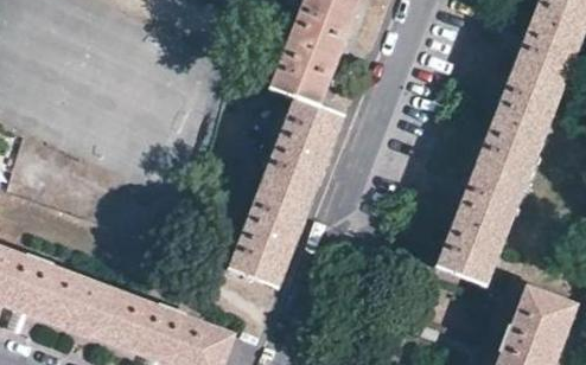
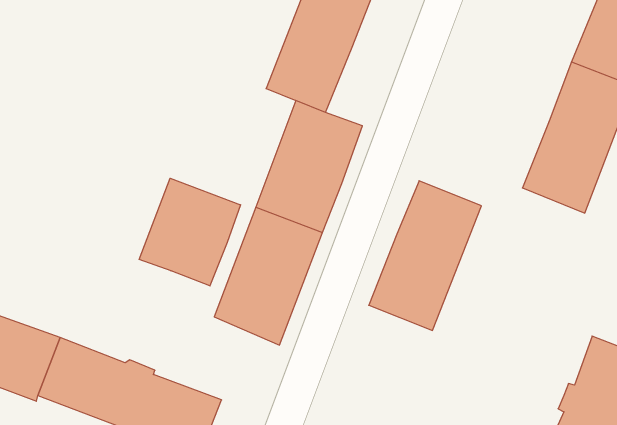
building: none -> [139,178,241,286]
building: [434,166,524,286] -> [369,181,481,330]

